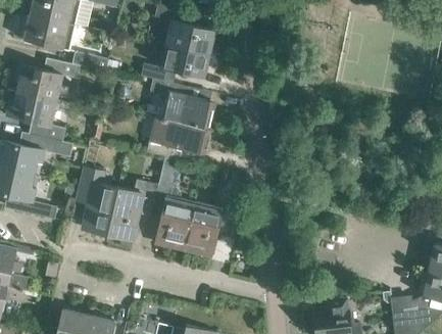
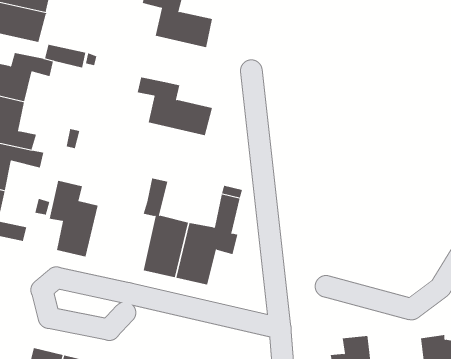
building: [141,44,209,83] -> none
building: [151,117,208,153] -> none
building: [107,180,158,237] -> none

